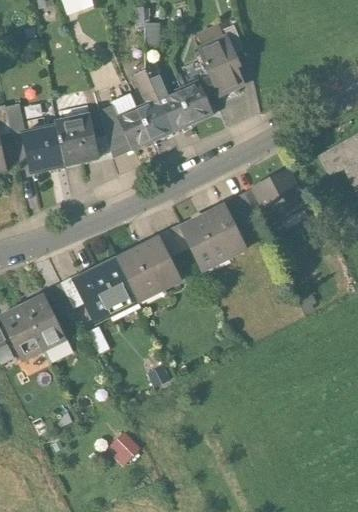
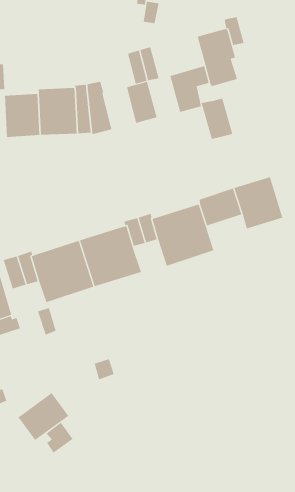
building: [157,90,192,131] -> [201,98,233,139]
building: [117,107,152,149] -> none
building: none -> [18,392,69,441]

